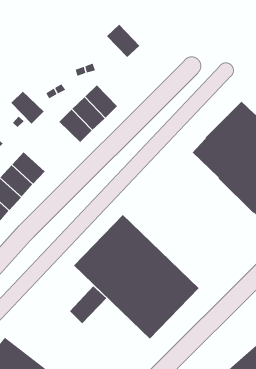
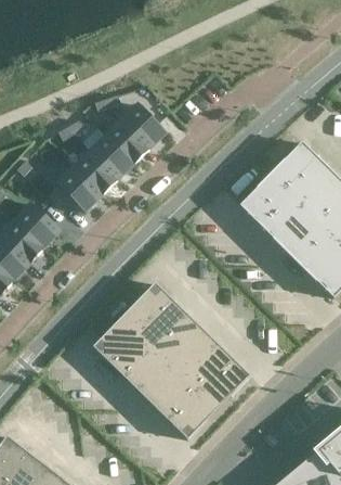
building: [106,24,140,58] -> [121,105,163,148]
building: [11,91,45,125] -> [58,167,101,209]
building: [69,285,107,324] -> none

